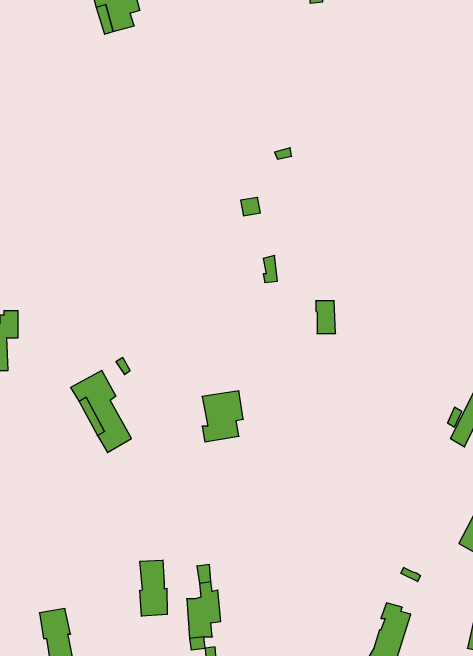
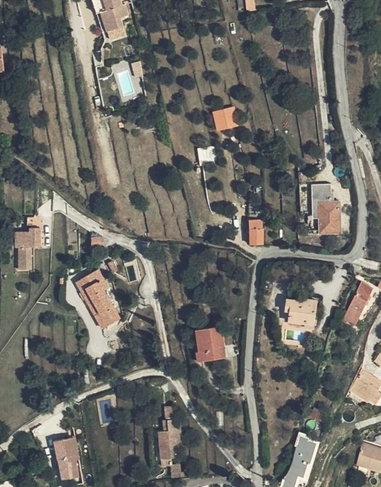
building: none -> [311,183,340,233]
building: [202,391,243,442] -> [195,326,224,362]
building: none -> [285,299,316,323]
building: [140,560,167,616] -> none

